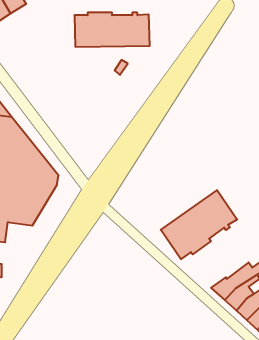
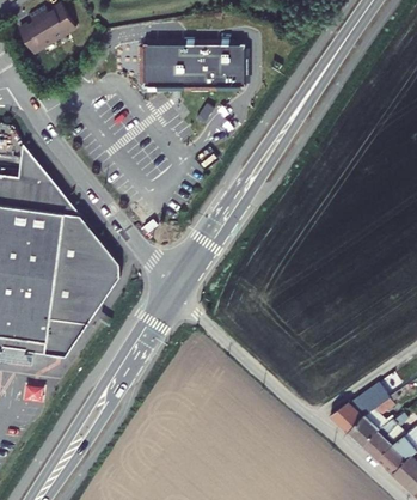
building: [161,190,237,259] -> none
building: none -> [45,325,82,356]

